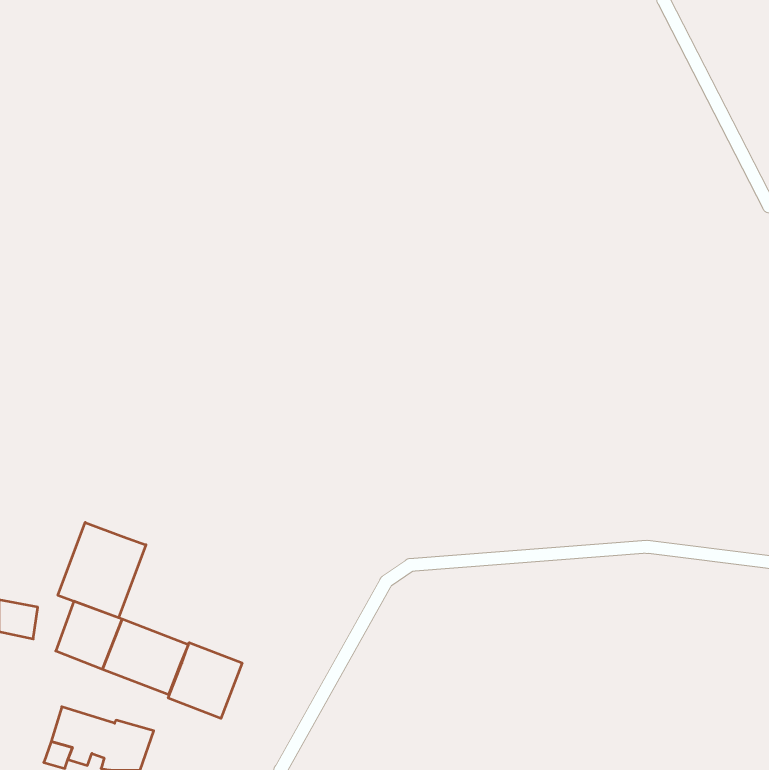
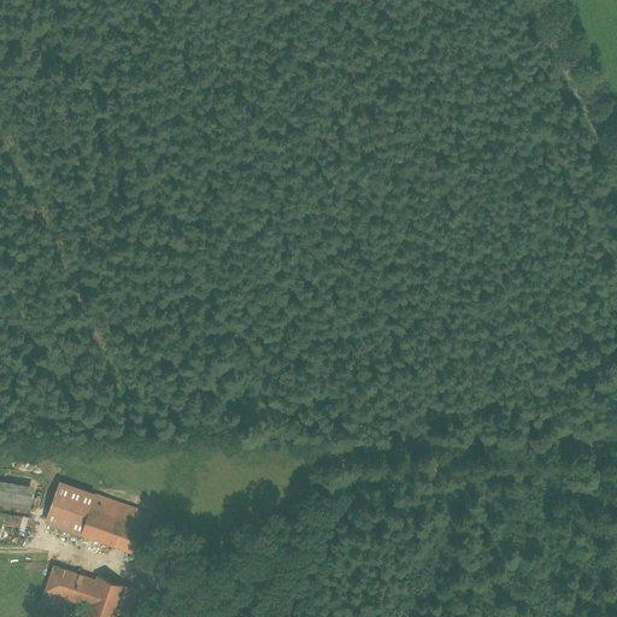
building: [58,522,146,618] -> none
building: [168,643,242,718] -> none

